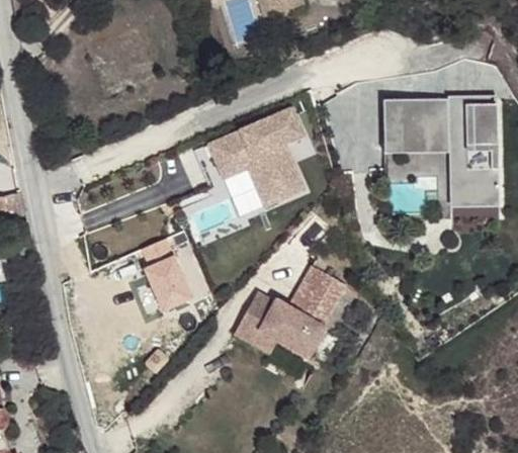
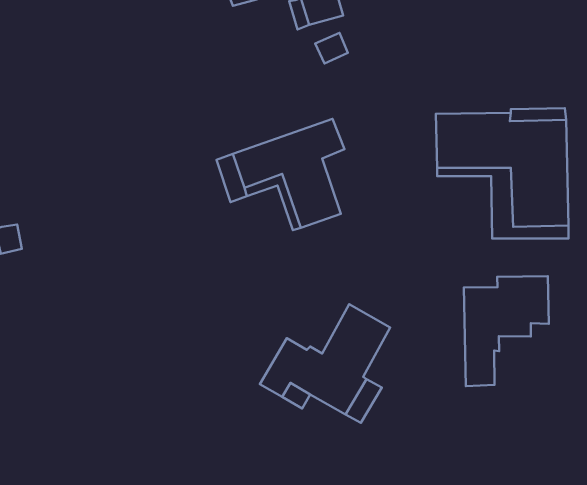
building: [142,239,195,315] -> none
building: none -> [464,276,549,386]

